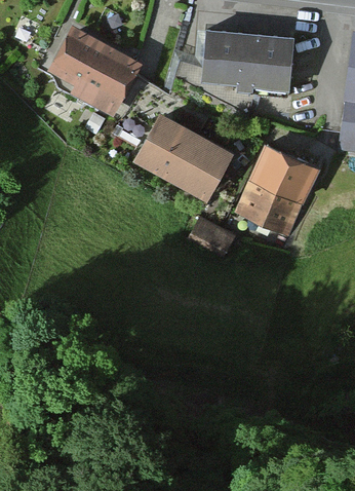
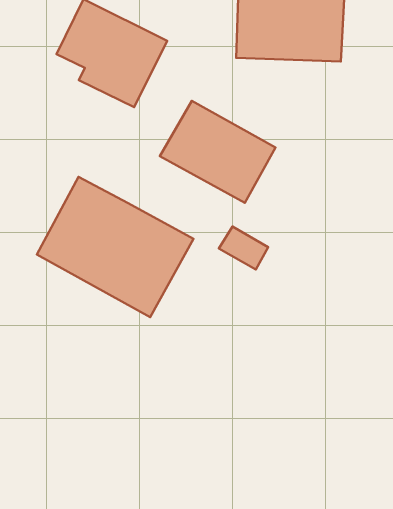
building: [231,145,318,241] -> none
building: none -> [37,177,193,317]

